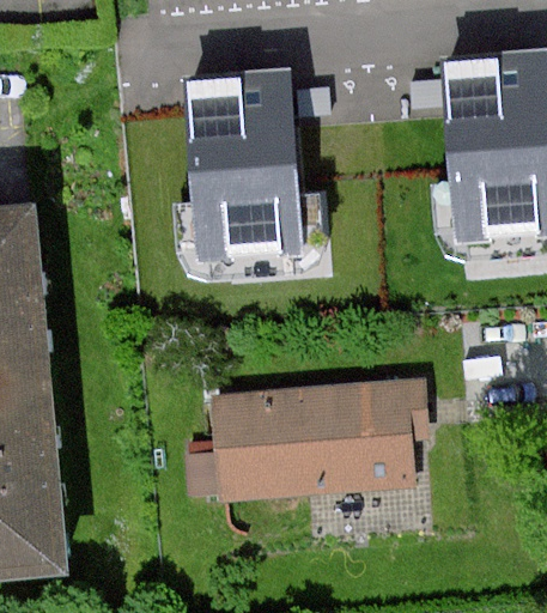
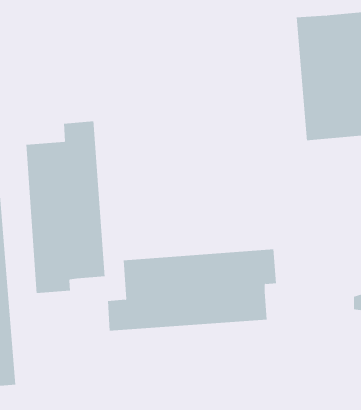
building: [194,83,302,254] -> none
building: none -> [26,120,105,294]

